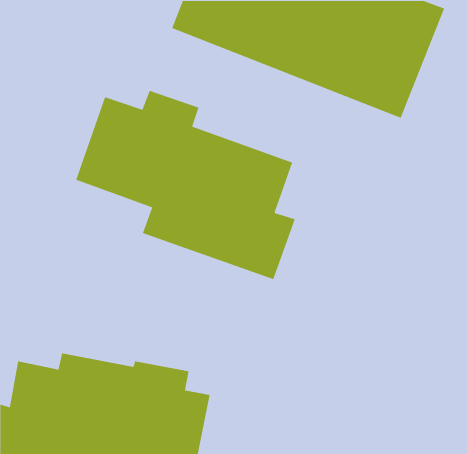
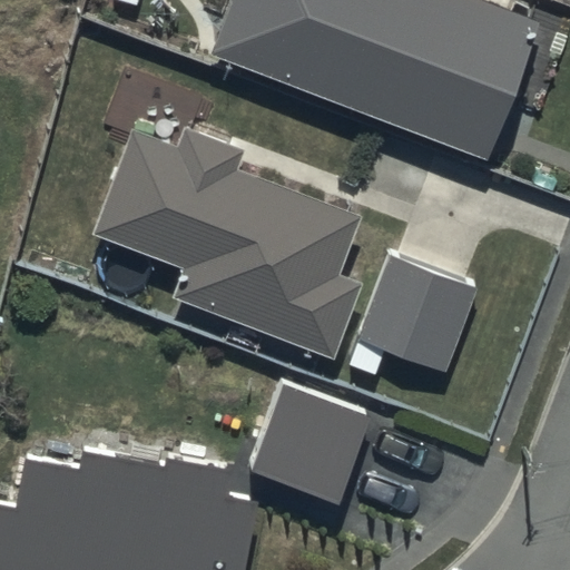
building: none -> [358,261,476,373]
building: none -> [252,382,372,503]

